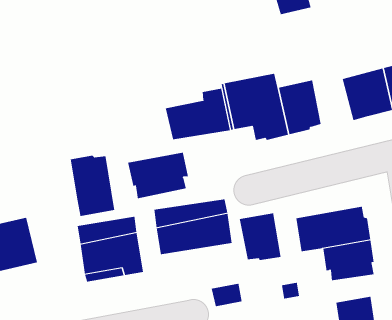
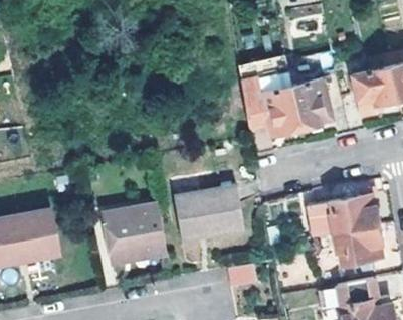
building: [165,88,230,140] -> none
building: [128,152,189,199] -> none
building: [70,155,115,217] -> none
building: [239,213,281,261] -> none

